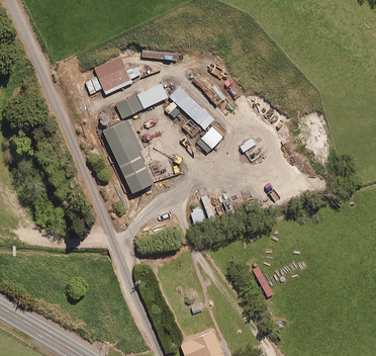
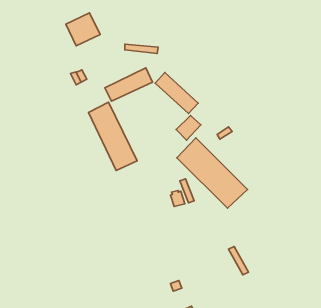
building: [95,57,131,92] -> [66,13,100,46]
building: none -> [177,138,247,208]

